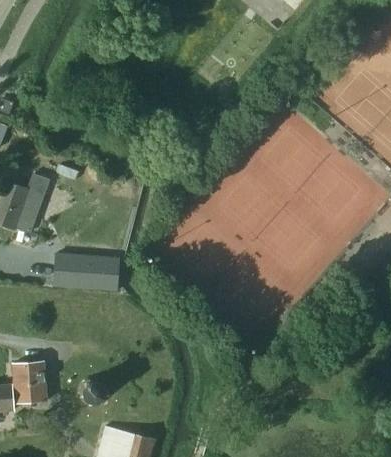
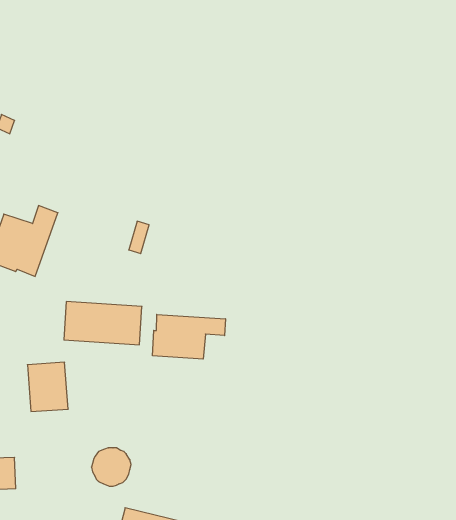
building: none -> [153,314,225,359]
building: [13,361,47,402] -> [27,362,68,411]

